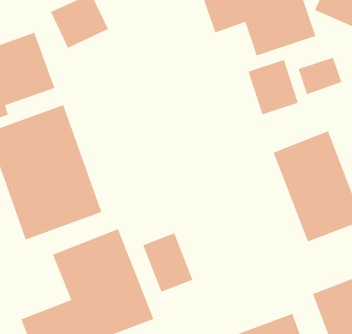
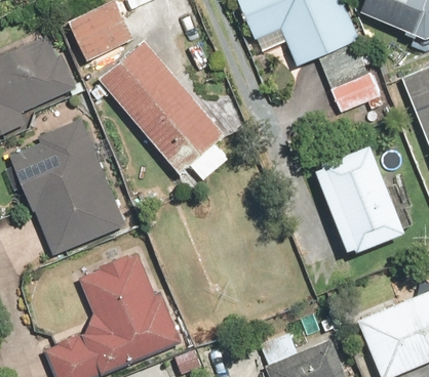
building: none -> [96,42,229,181]
building: [248,59,299,115] -> none
building: [142,233,193,292] -> none

